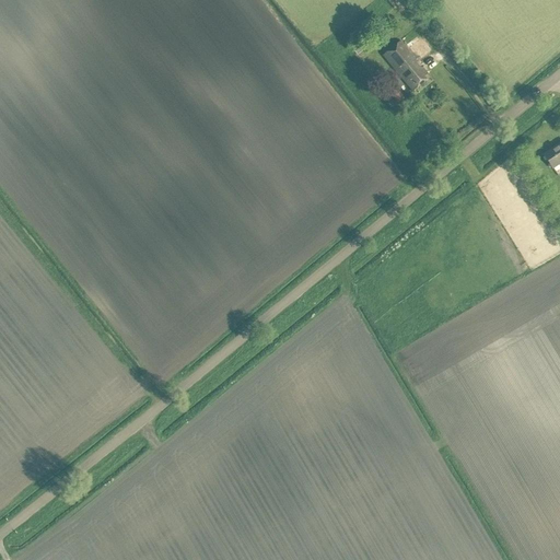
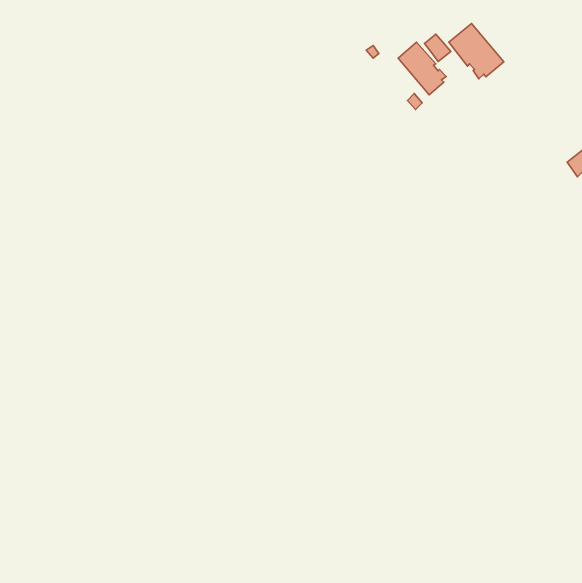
building: none -> [449,24,504,79]

